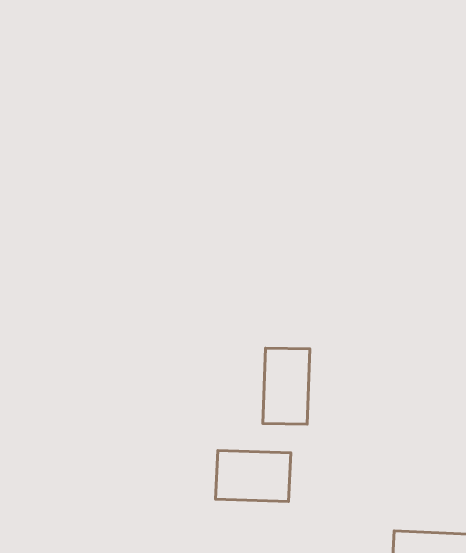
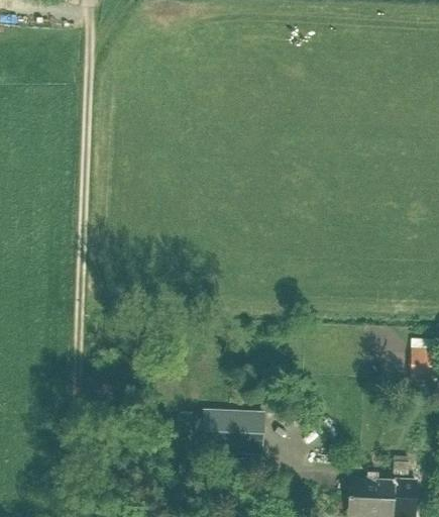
building: [263,348,310,424] -> none

